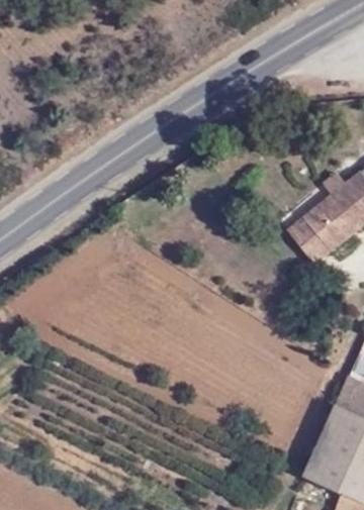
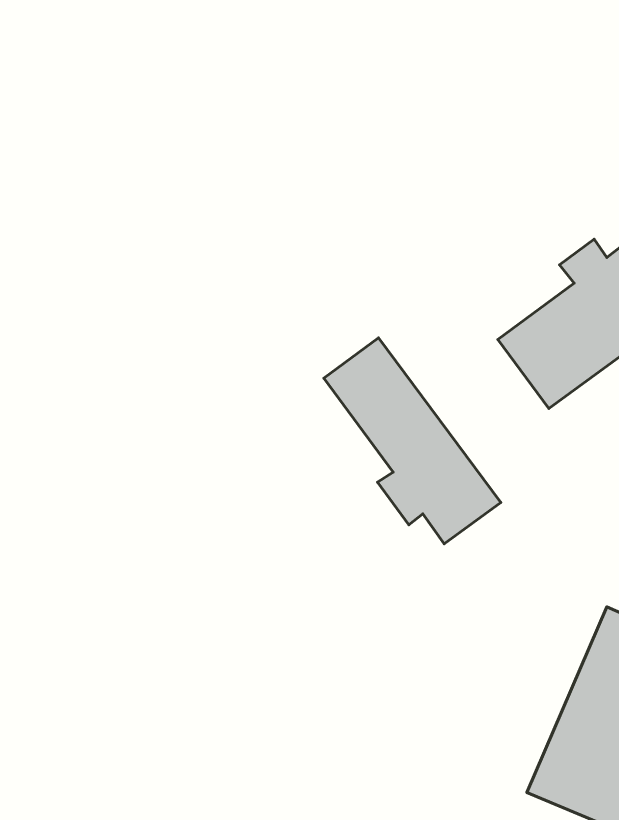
building: none -> [324,338,501,544]

